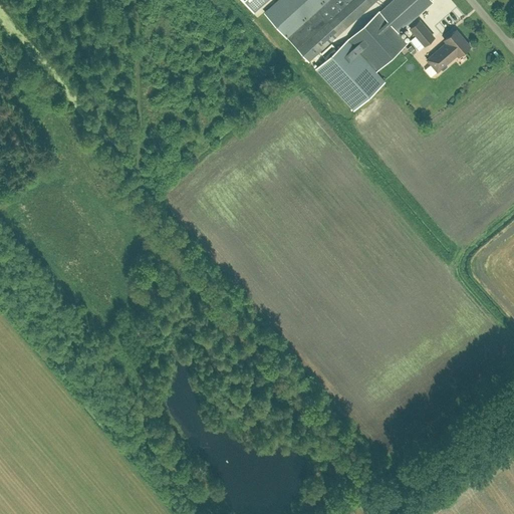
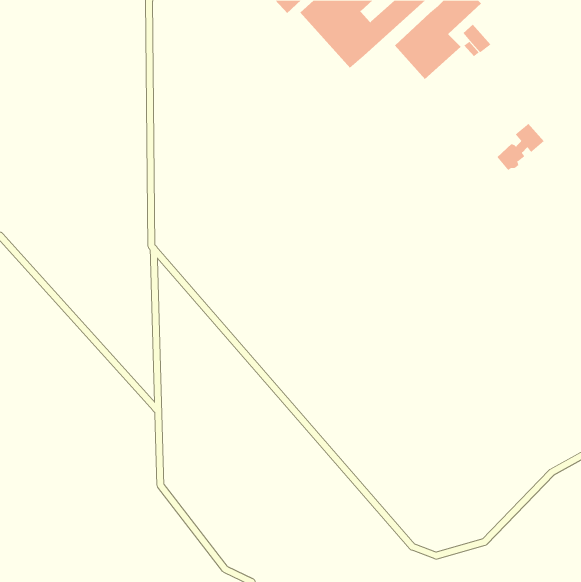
building: [429,29,471,71] -> [497,123,544,171]
building: [315,39,386,110] -> none

